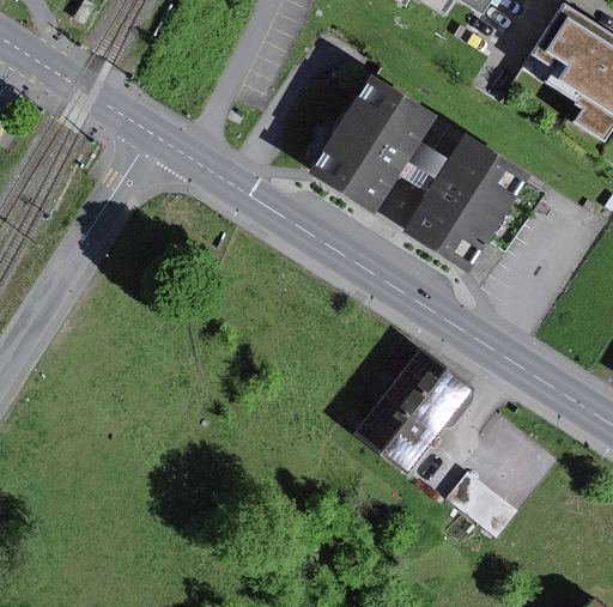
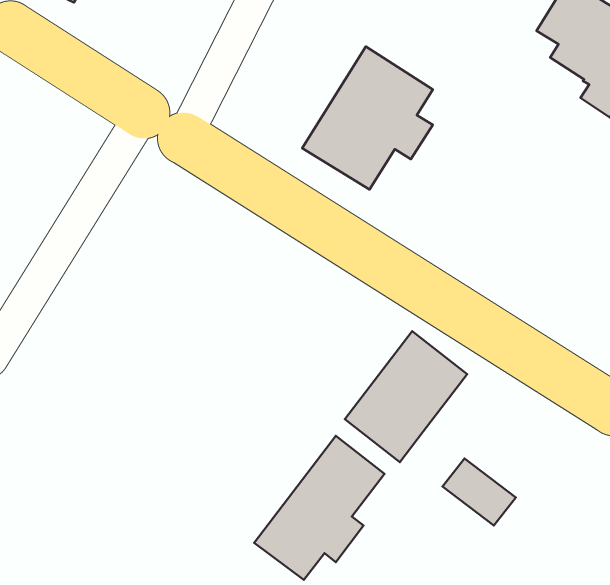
building: [401,130,530,272] -> none
building: none -> [254,436,384,580]

